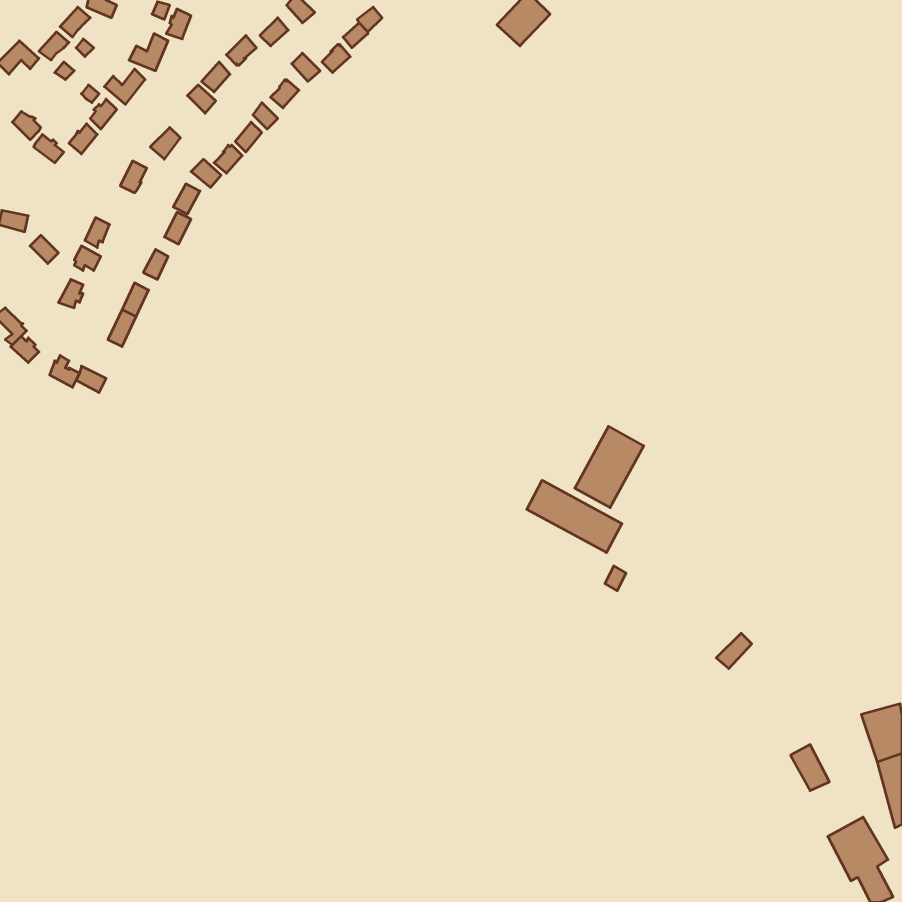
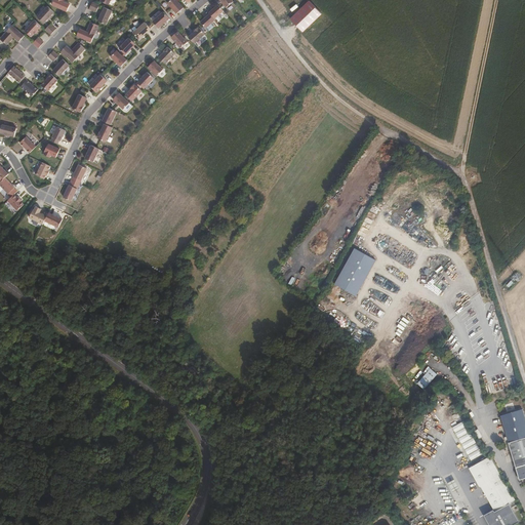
building: [527,480,622,553] -> none
building: none -> [468,454,500,486]

